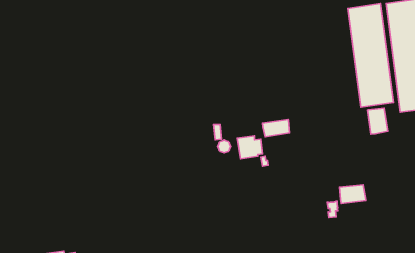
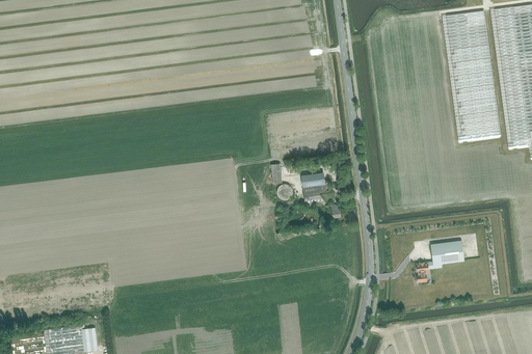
building: [368,108,388,134] -> none
building: [263,120,290,137] -> none

